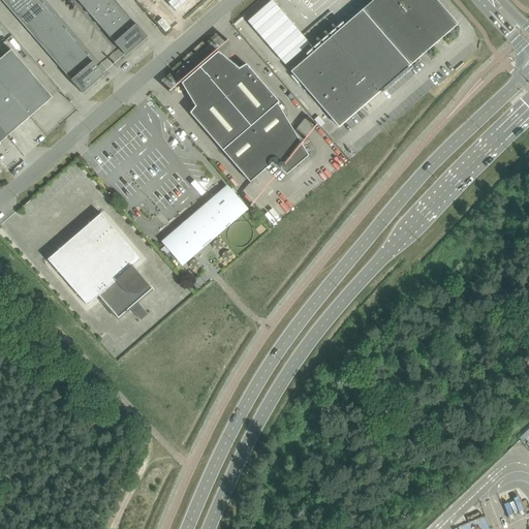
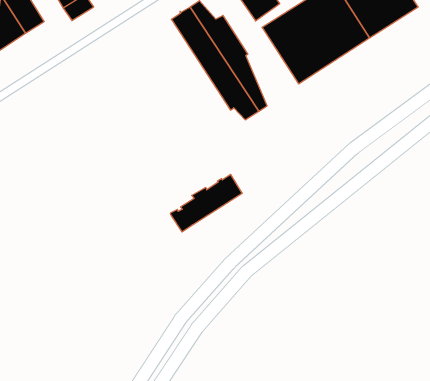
building: [182,74,269,181] -> none
building: [168,187,244,257] -> [170,174,242,232]
building: [48,212,154,316] -> none

